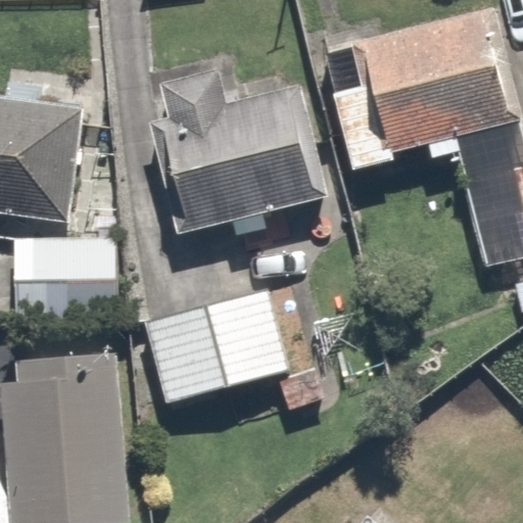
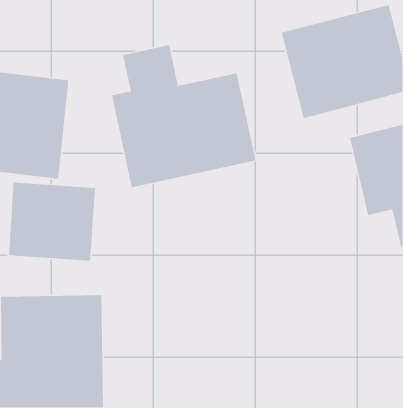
building: [139,285,286,407] -> none

